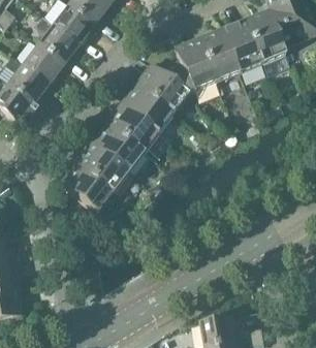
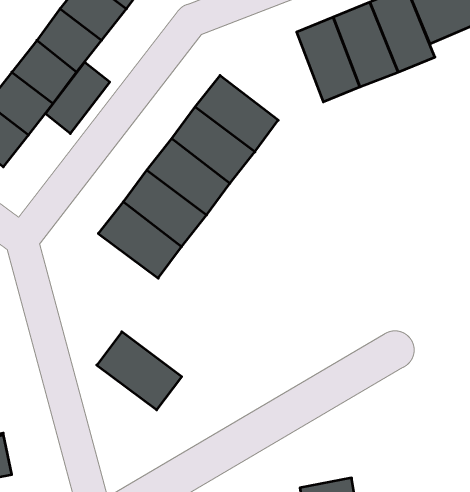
building: [152,39,216,94] -> none
building: none -> [46,62,110,134]
building: [61,164,114,213] -> [97,332,182,410]

